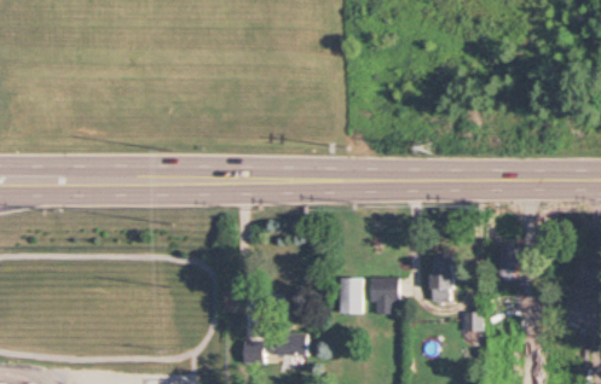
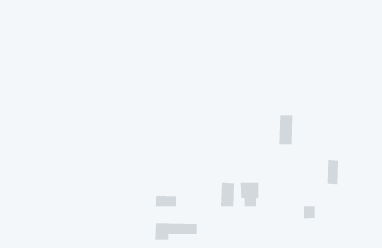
building: [430,257,452,302] -> [279,115,293,145]
building: none -> [155,195,177,207]

